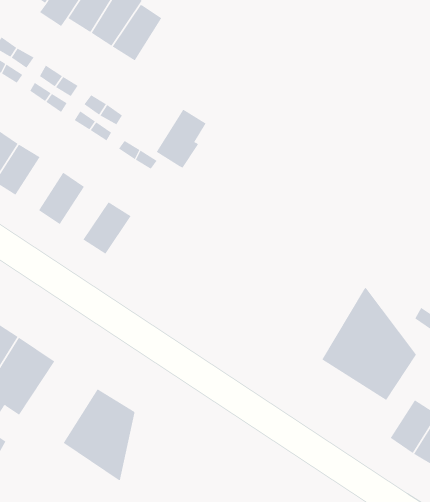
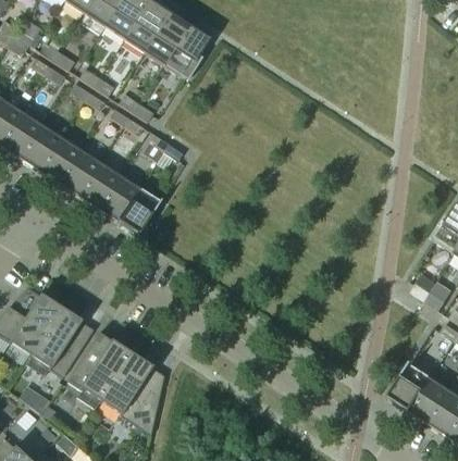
building: [156,109,206,170] -> [163,26,208,80]
building: none -> [58,149,99,196]
building: none -> [97,175,139,222]
building: [322,287,416,401] -> none
building: none -> [66,333,129,408]

